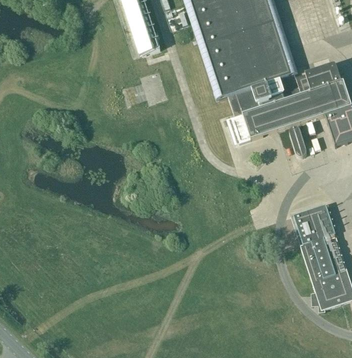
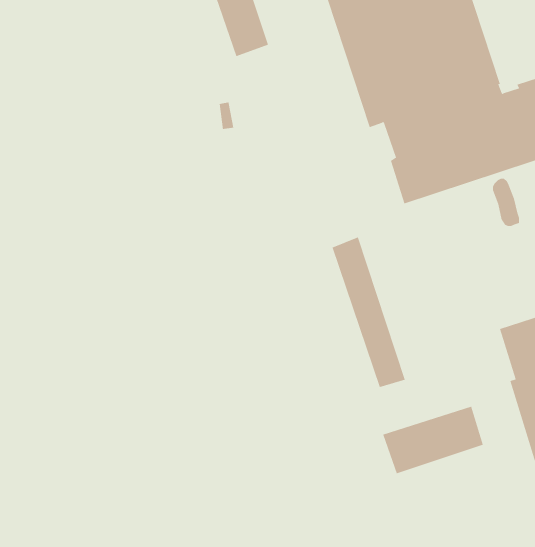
building: none -> [332,236,406,388]
building: none -> [383,406,483,474]

